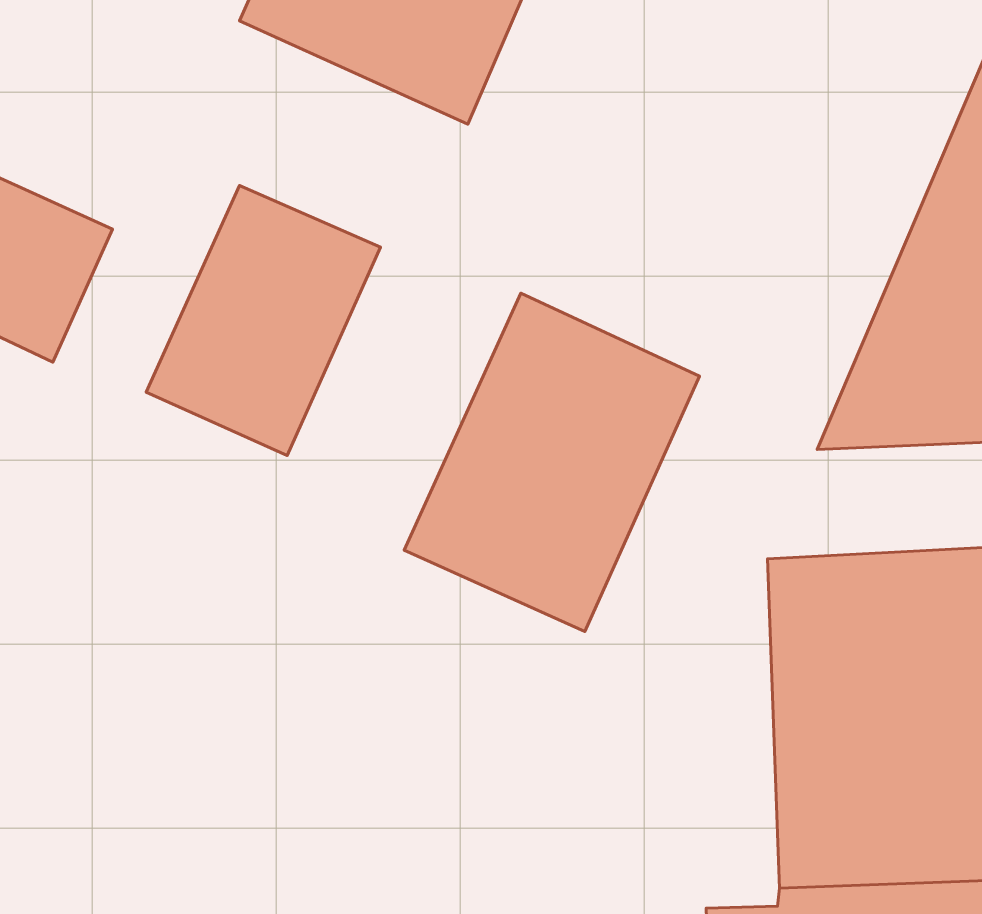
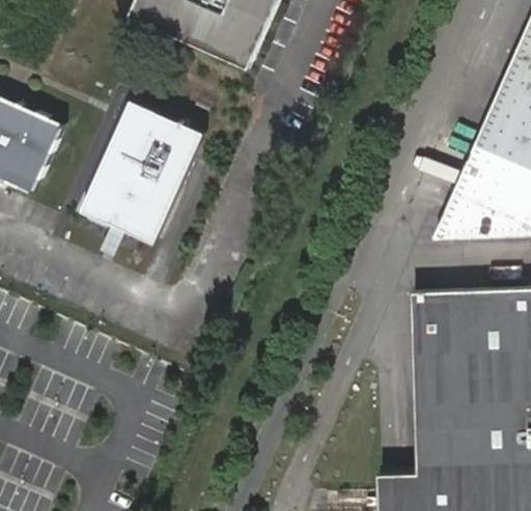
building: [404,293,700,631] -> none

